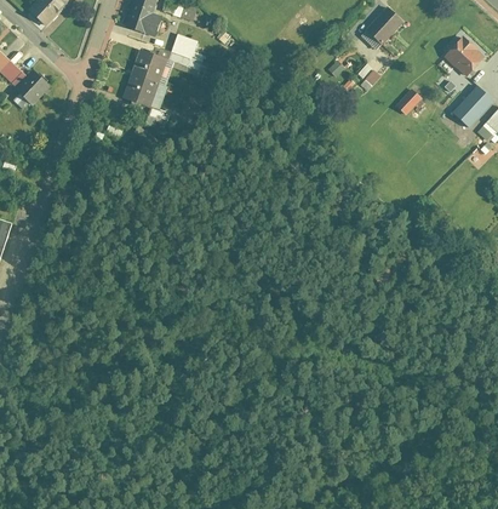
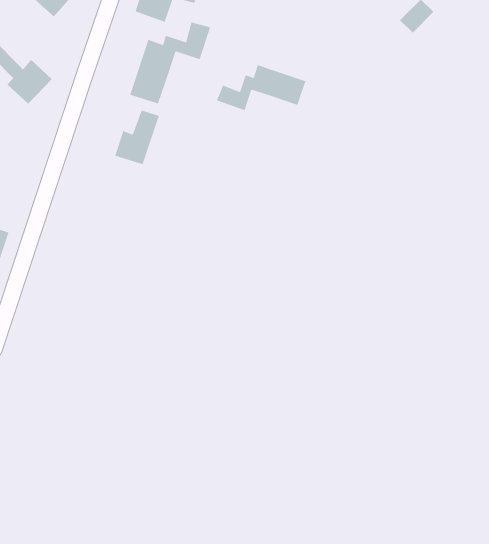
building: none -> [216,64,307,111]
building: none -> [114,109,160,165]

